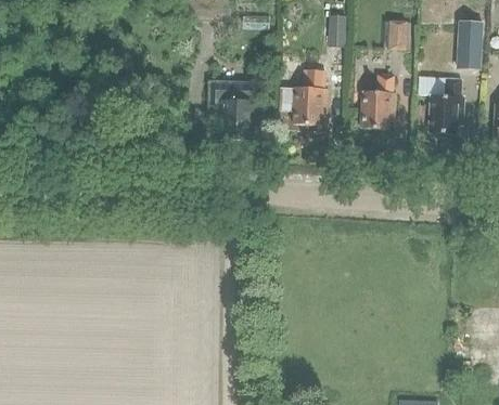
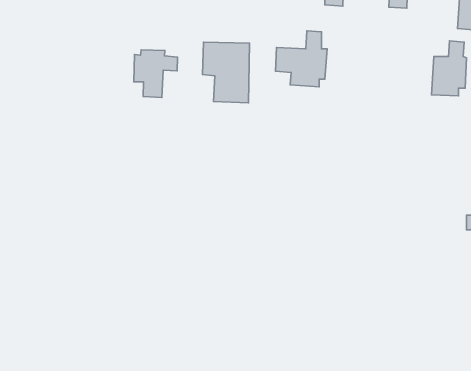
building: [360,73,397,127] -> none
building: none -> [134,50,178,97]

